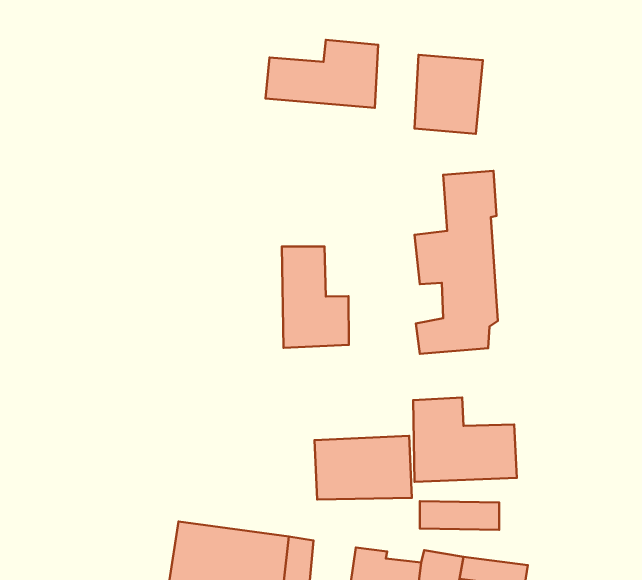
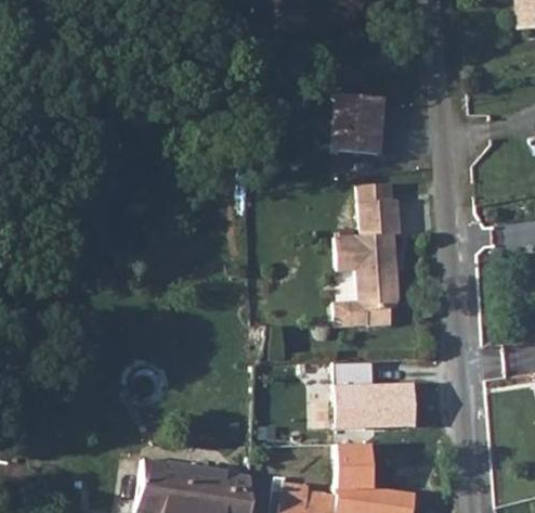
building: [266,40,378,108] -> none
building: [282,246,349,348] -> none
building: [315,436,412,499] -> none

